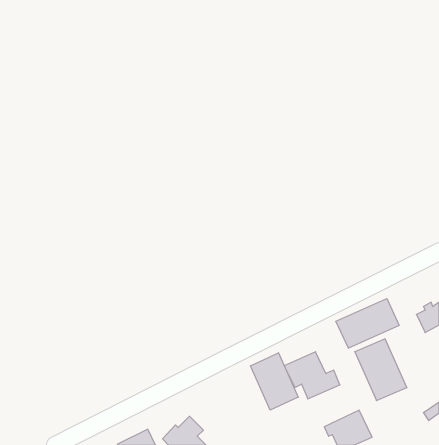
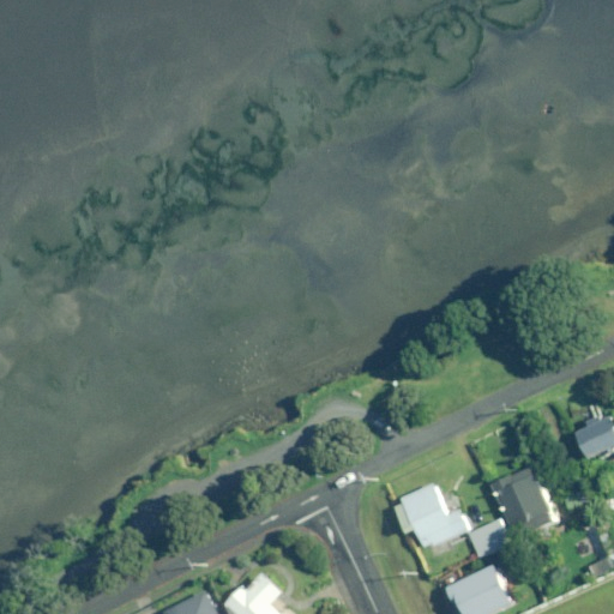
building: [336,299,399,348] -> none
building: [251,353,298,410] -> none
building: none -> [468,519,510,556]

